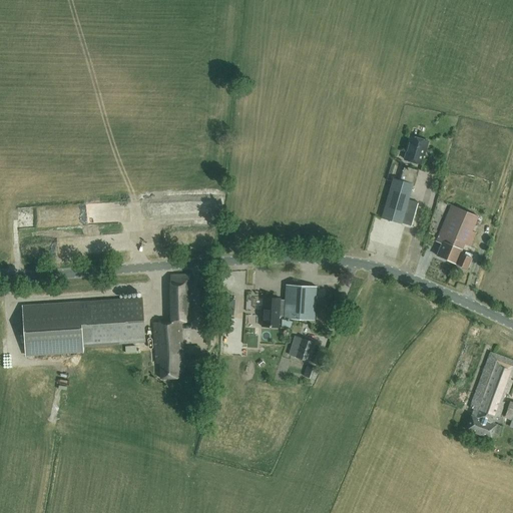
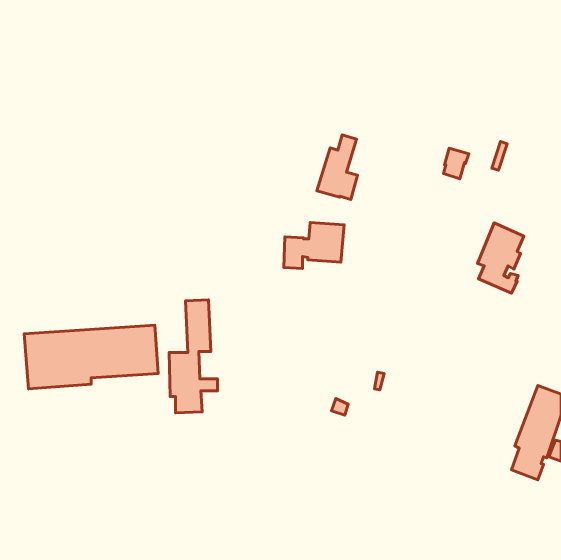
building: [381,165,418,224] -> [317,135,357,199]
building: [262,284,317,326] -> [284,222,344,269]
building: [289,336,315,360] -> none

